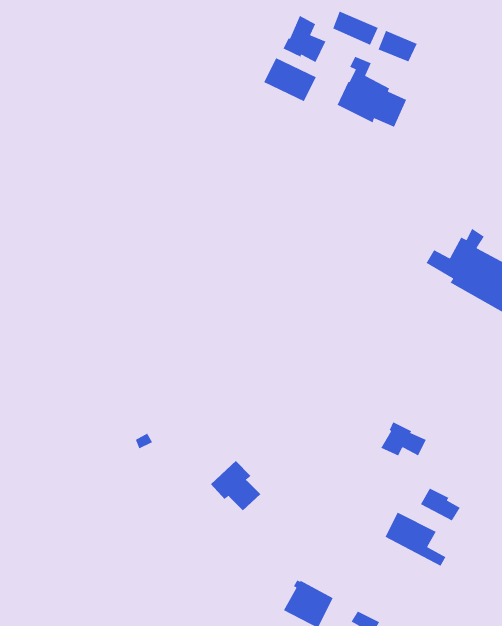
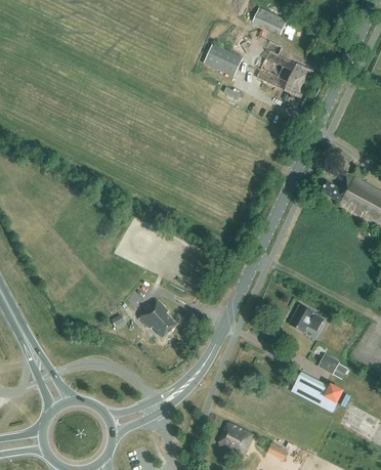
building: [282,15,326,63] -> none
building: [378,30,418,62] -> none
building: [210,460,261,511] -> [138,300,175,337]

